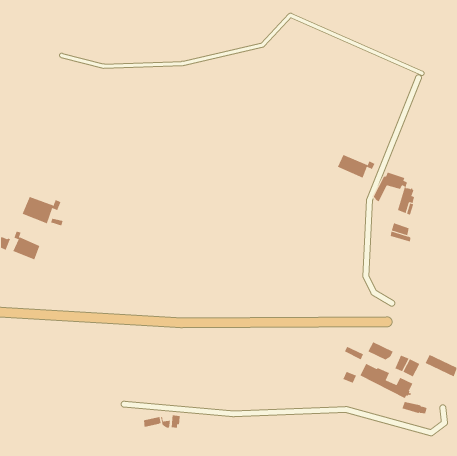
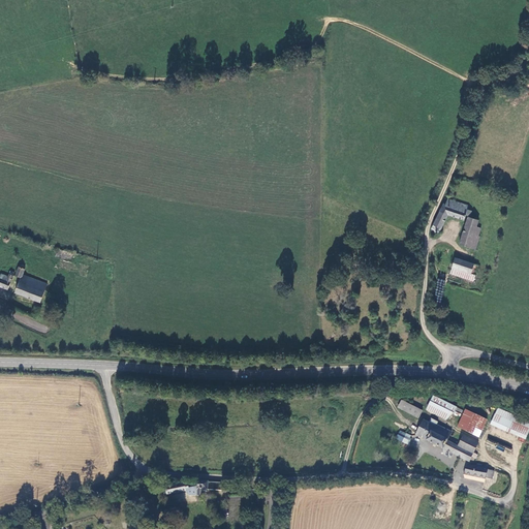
building: [337,154,375,179] -> none
building: [22,196,61,224] -> none

